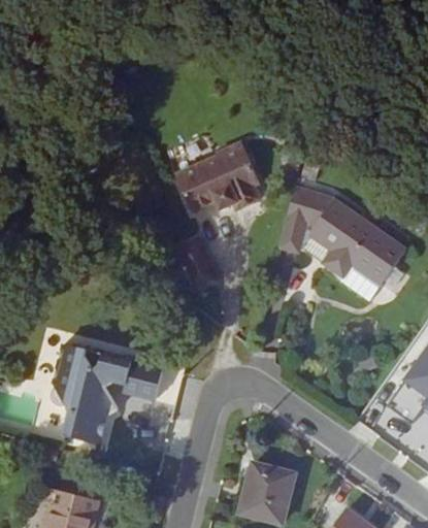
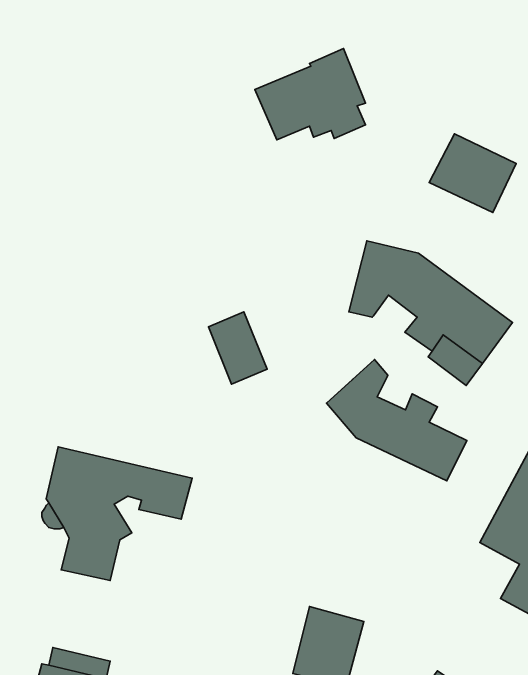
building: none -> [429,134,516,213]
building: [183,145,266,214] -> [255,48,365,140]
building: none -> [326,360,467,481]

